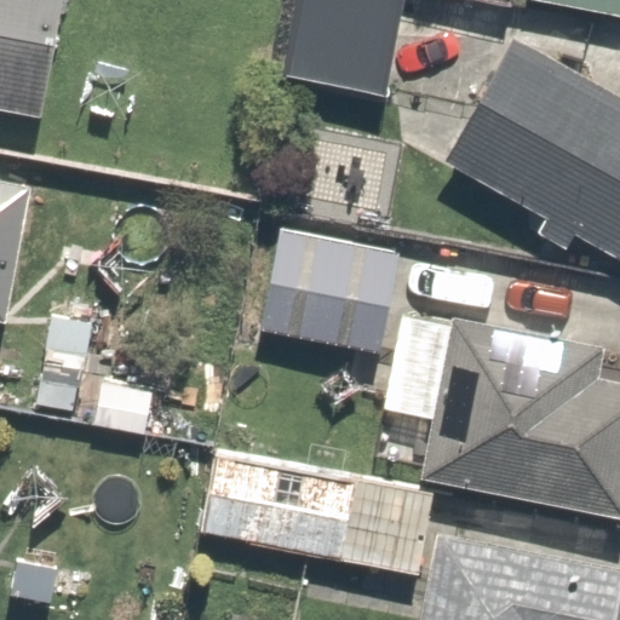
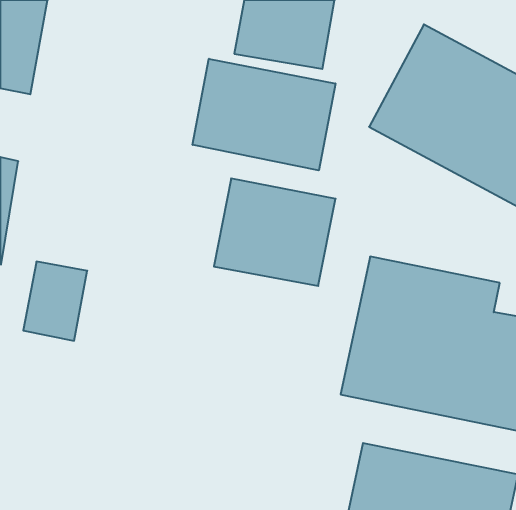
building: none -> [193,59,335,170]
building: [197,448,431,573] -> none

